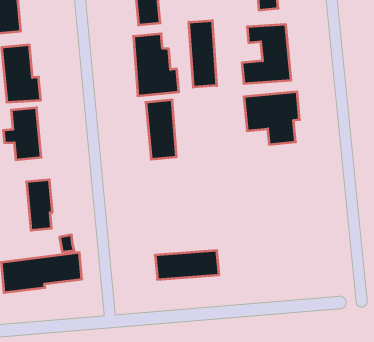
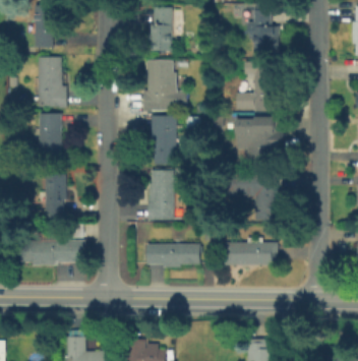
building: [189,20,217,87] -> none
building: none -> [232,175,277,220]
building: none -> [151,169,173,219]
building: none -> [226,243,279,263]

